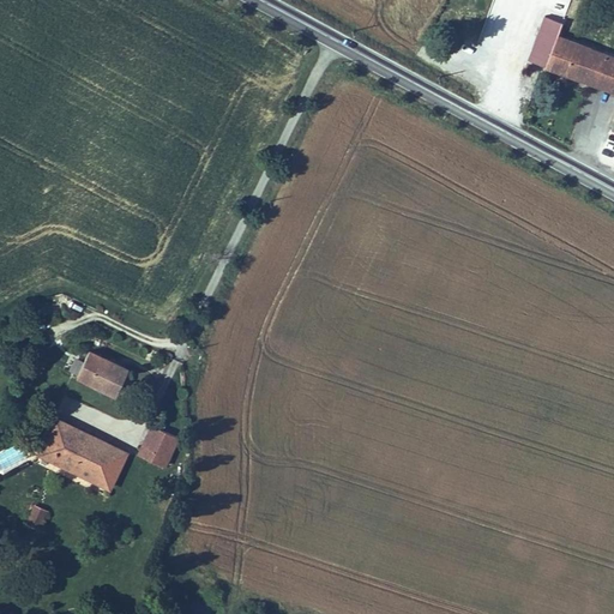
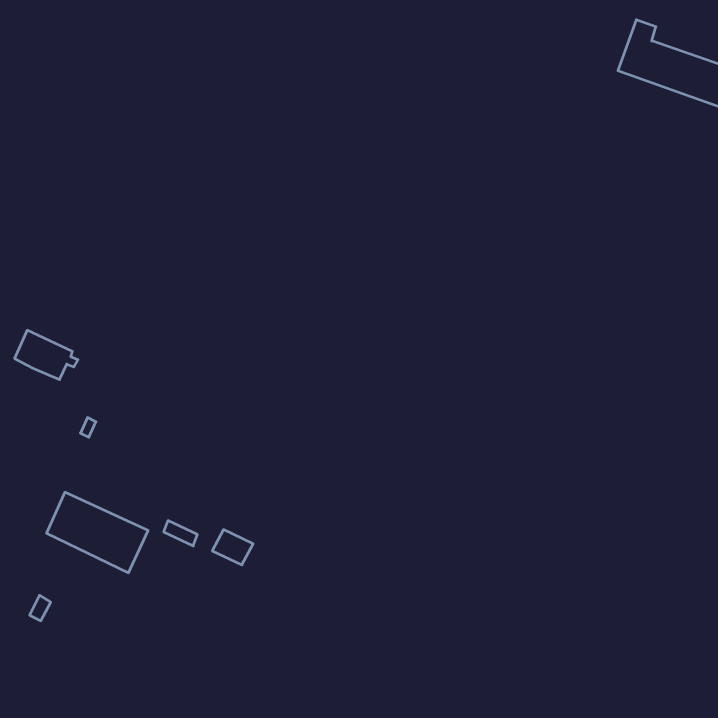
building: [79,353,133,395] -> [15,330,78,380]
building: [145,427,180,457] -> [212,530,253,565]

